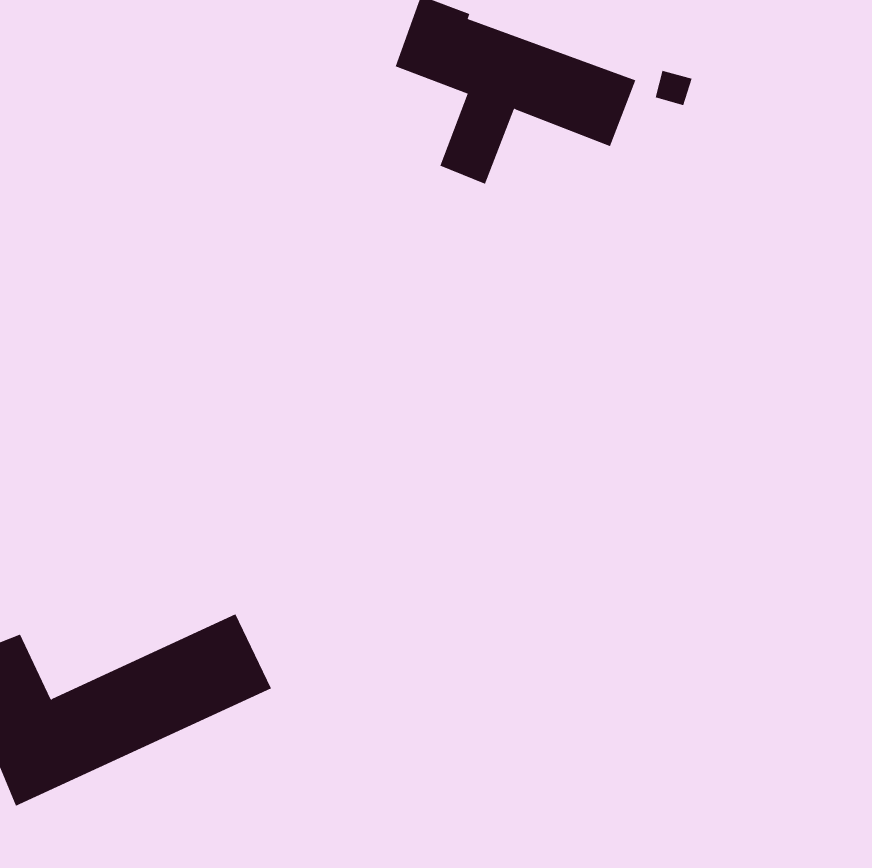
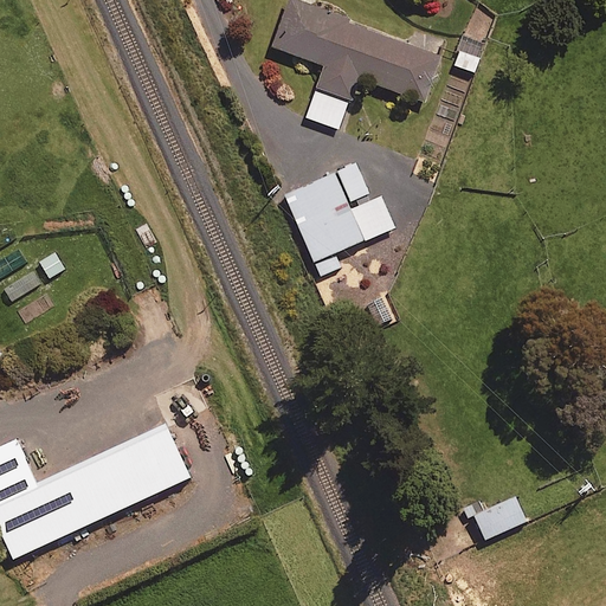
building: none -> [284,162,393,273]
building: none -> [478,496,526,537]

